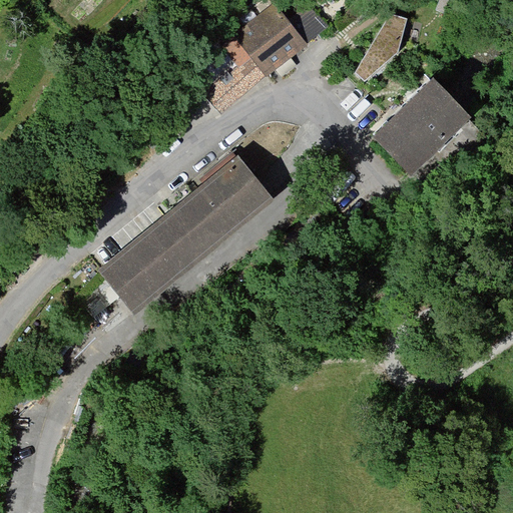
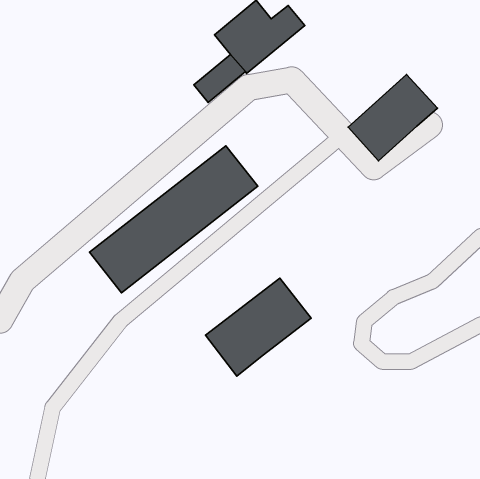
building: [356,11,406,78] -> none
building: none -> [206,278,311,376]

